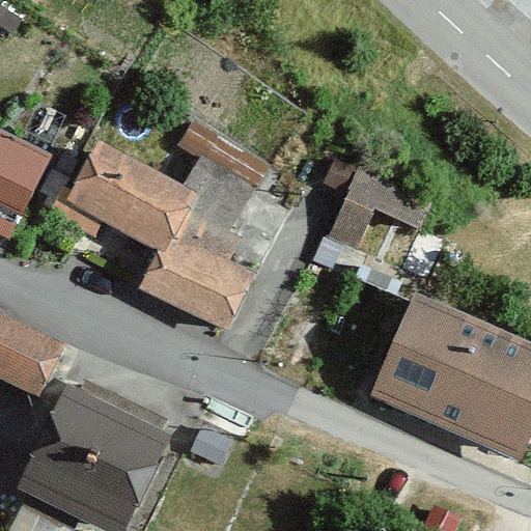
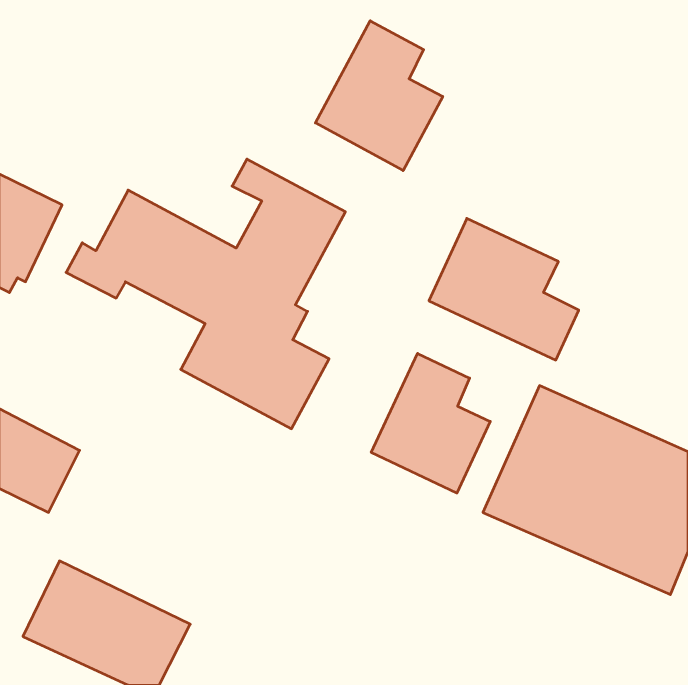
building: none -> [315,21,443,171]
building: none -> [371,353,490,493]
building: [46,381,167,480] -> none

